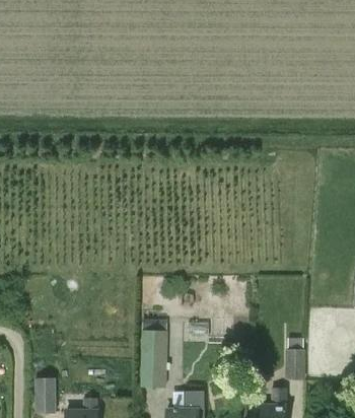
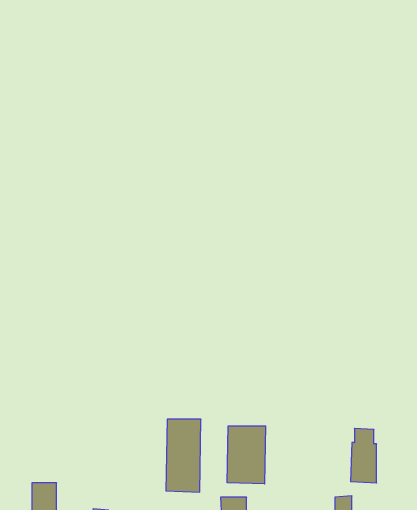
building: none -> [227,426,266,484]

